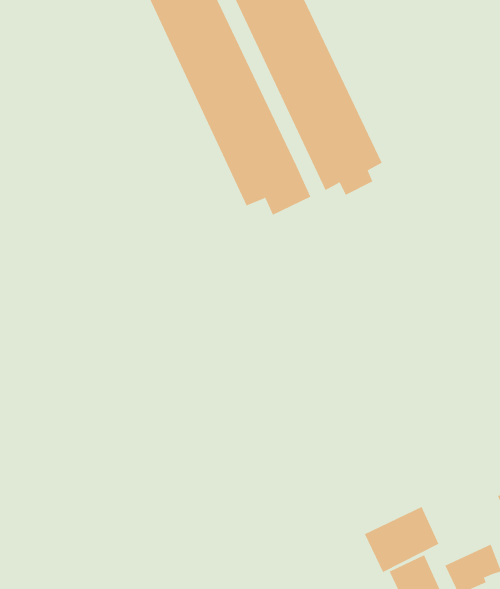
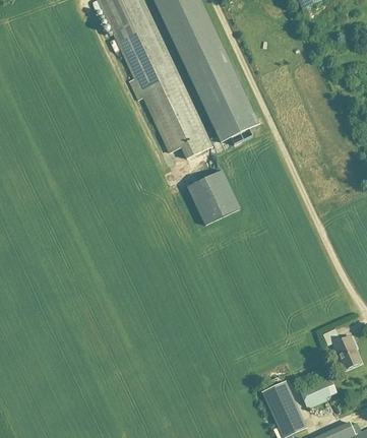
building: none -> [187,170,240,224]
building: [364,506,439,573] -> none

